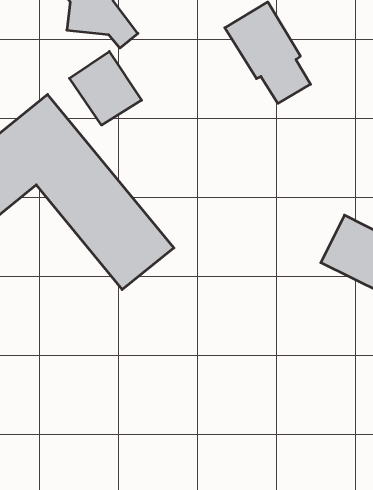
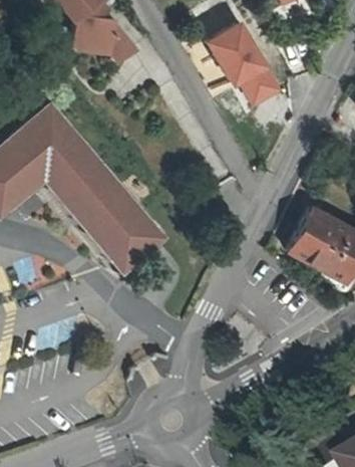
building: [69,51,142,125] -> none

